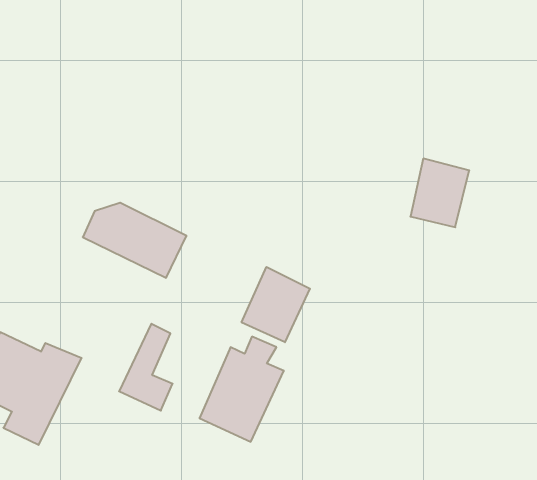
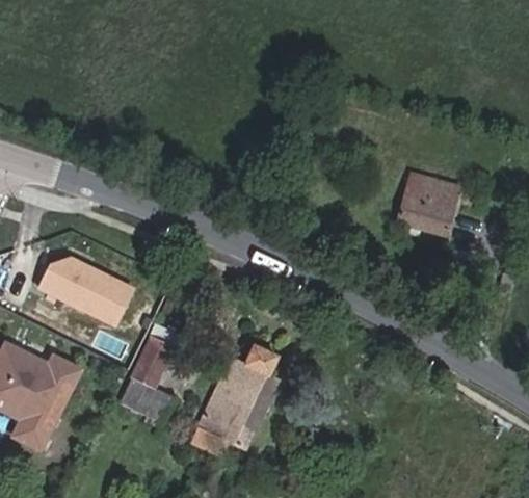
building: [83,203,187,278] -> [35,255,136,327]
building: [242,267,310,342] -> none

